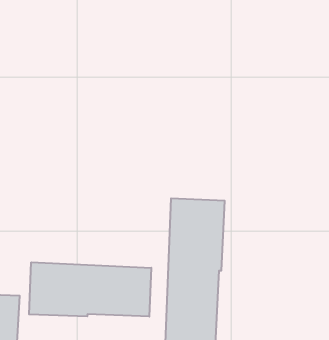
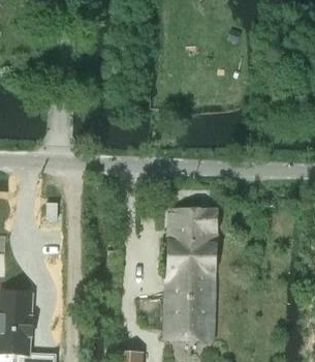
building: [29,262,151,317] -> none

